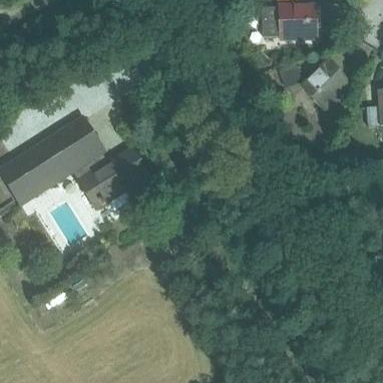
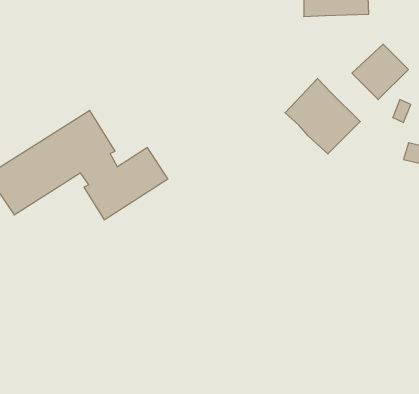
building: none -> [285,79,360,154]

